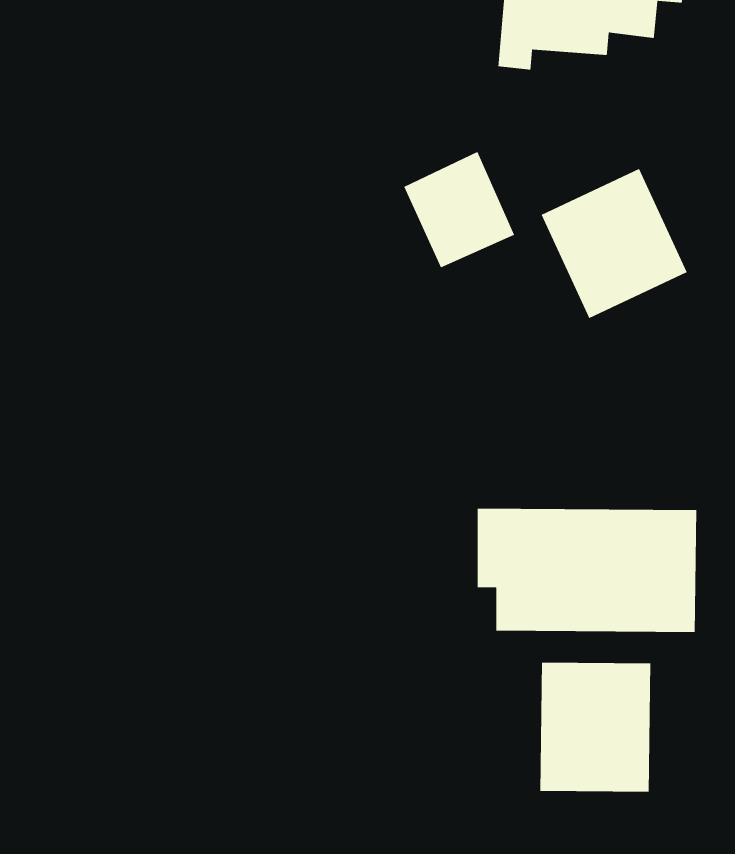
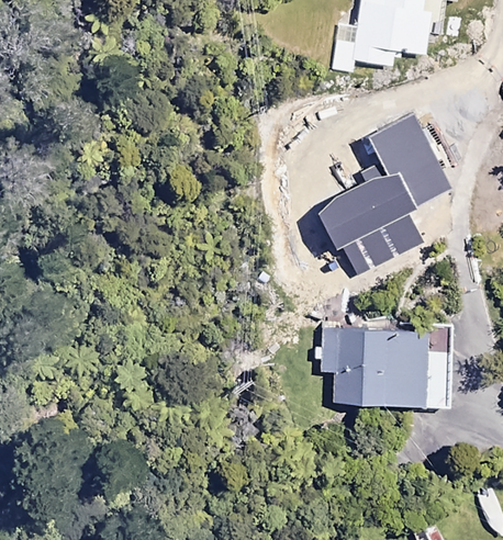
building: [403,151,515,269] -> [324,202,390,271]
building: [540,662,651,792] -> none

